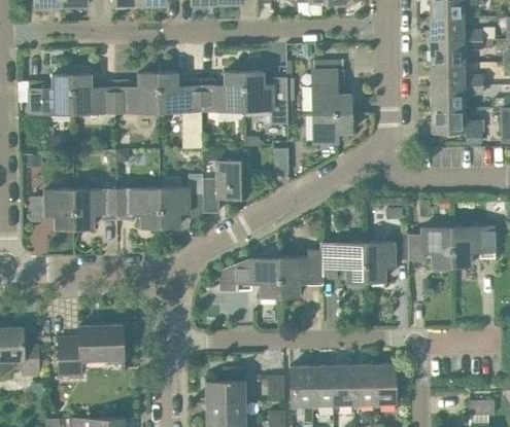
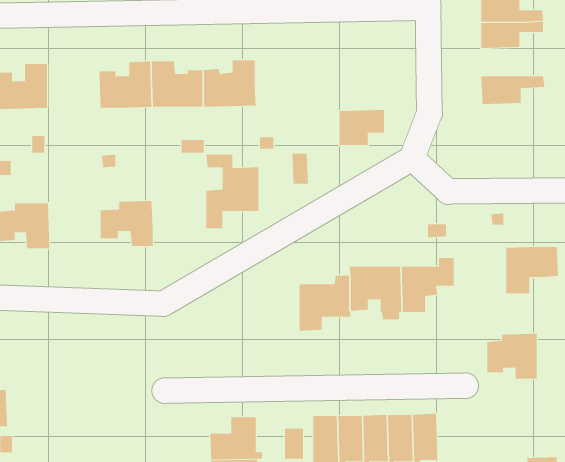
building: [431,63,483,86] -> none
building: [312,70,351,115] -> none
building: [244,73,288,124] -> none
building: [72,75,115,113] -> none
building: [432,109,484,134] -> none
building: [73,184,115,229] -> none
building: [159,189,204,227] -> none
building: [409,228,451,266] -> [486,333,537,379]
building: [222,258,280,297] -> none
building: [59,325,125,377] -> none

